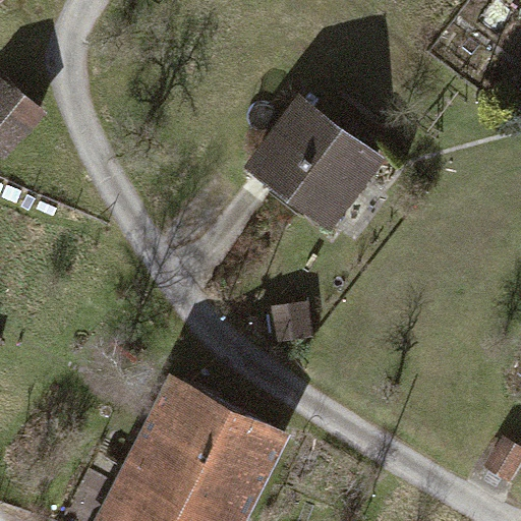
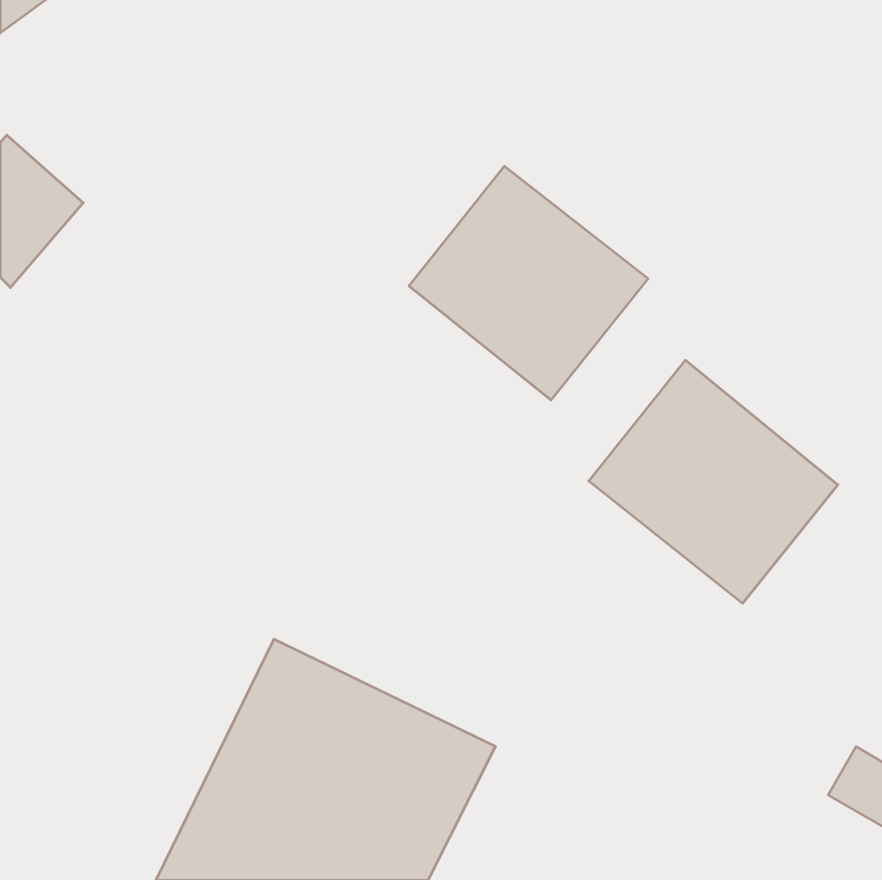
building: none -> [589,360,838,603]

